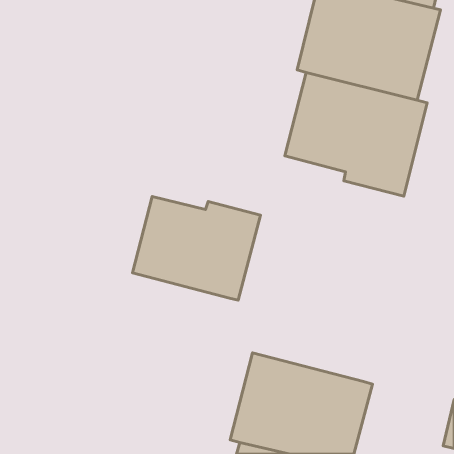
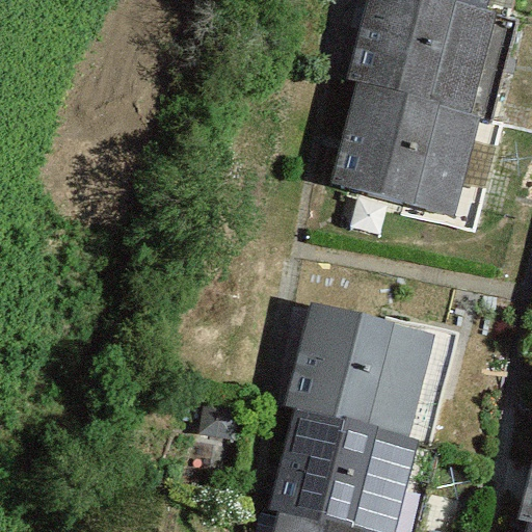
building: [133,196,261,300] -> none
building: none -> [283,301,449,443]

